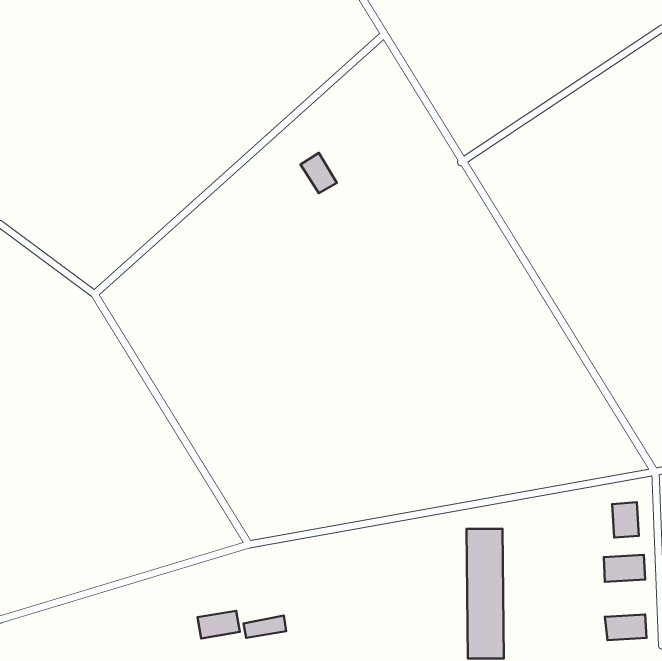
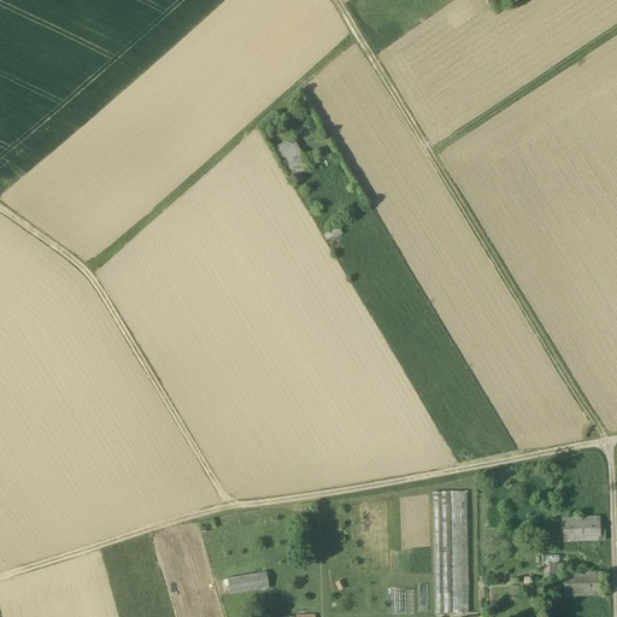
building: [612,502,639,538] -> none
building: [197,611,240,638] -> none

